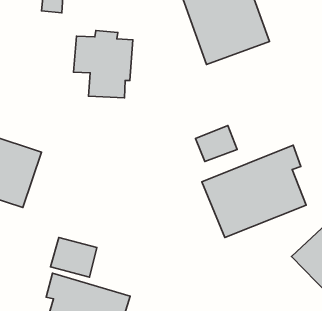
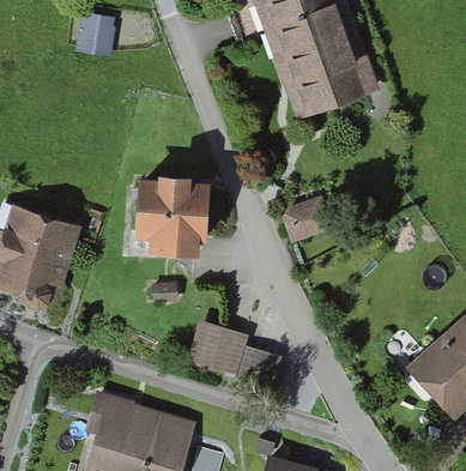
building: [74,31,133,98] -> [134,173,211,260]
building: [202,145,306,237] -> none
building: [51,237,97,277] -> [187,322,247,374]

